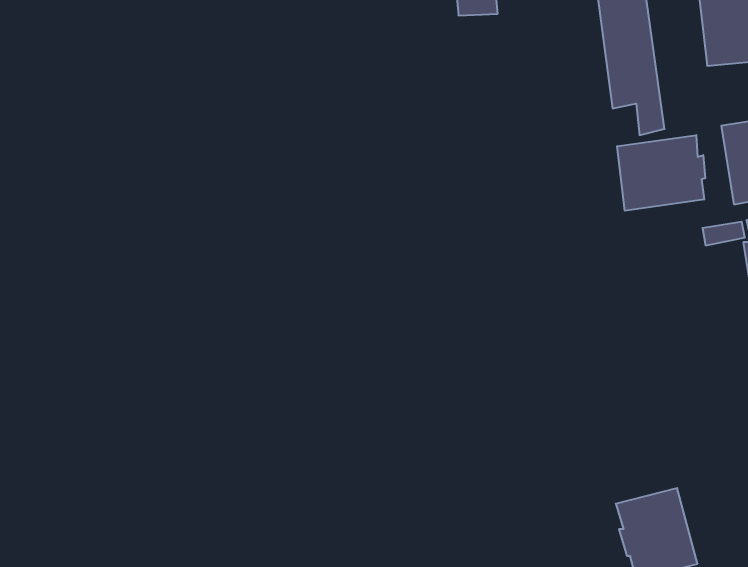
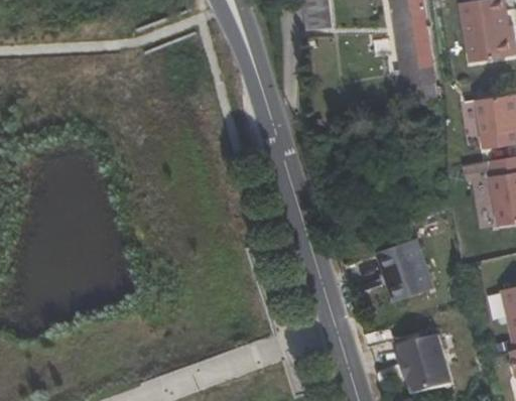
building: [617,135,705,211] -> none
building: none -> [386,234,441,297]

